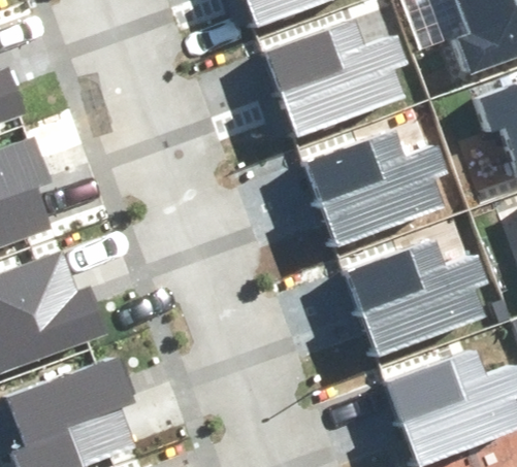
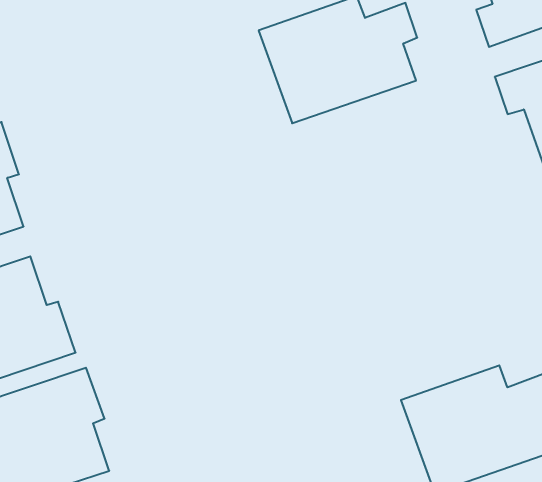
building: [310,129,451,242] -> none
building: [346,240,487,354] -> none

